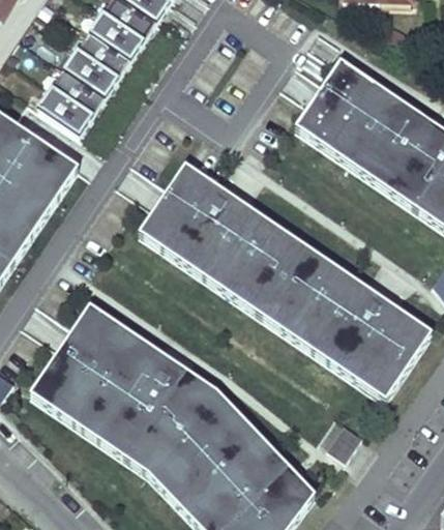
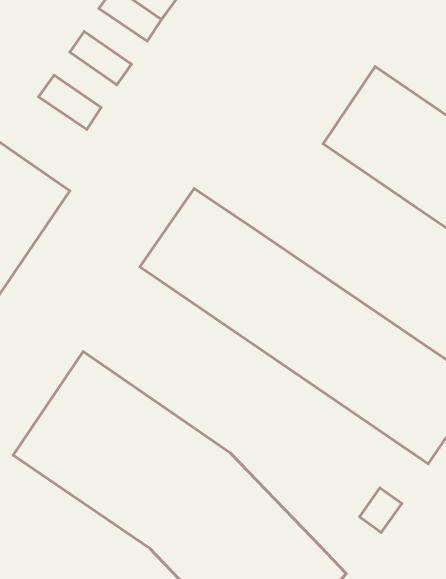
building: [91,8,145,56] -> none
building: [65,46,119,93] -> none
building: [38,84,93,131] -> none

